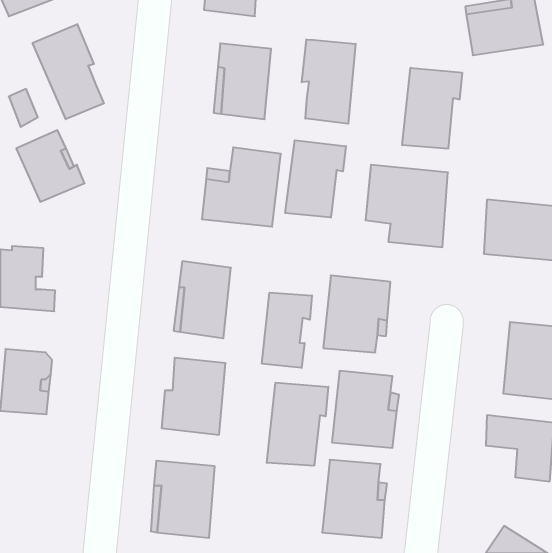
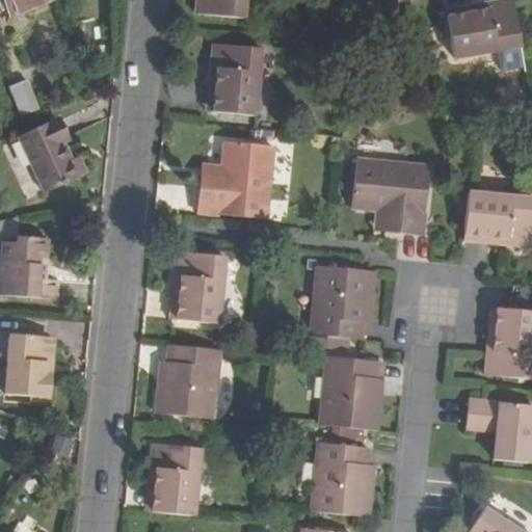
building: [33,24,104,119] -> none
building: [302,39,356,124] -> none
building: [402,68,462,149] -> none
building: [285,140,346,218] -> none
building: [262,293,312,368] -> none
building: [267,383,328,466] -> none

